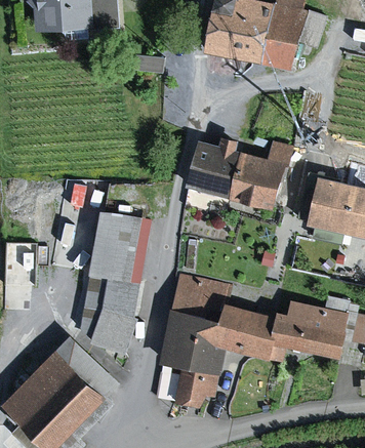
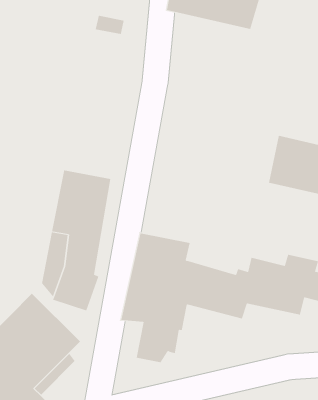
building: [185,135,293,210] -> none

